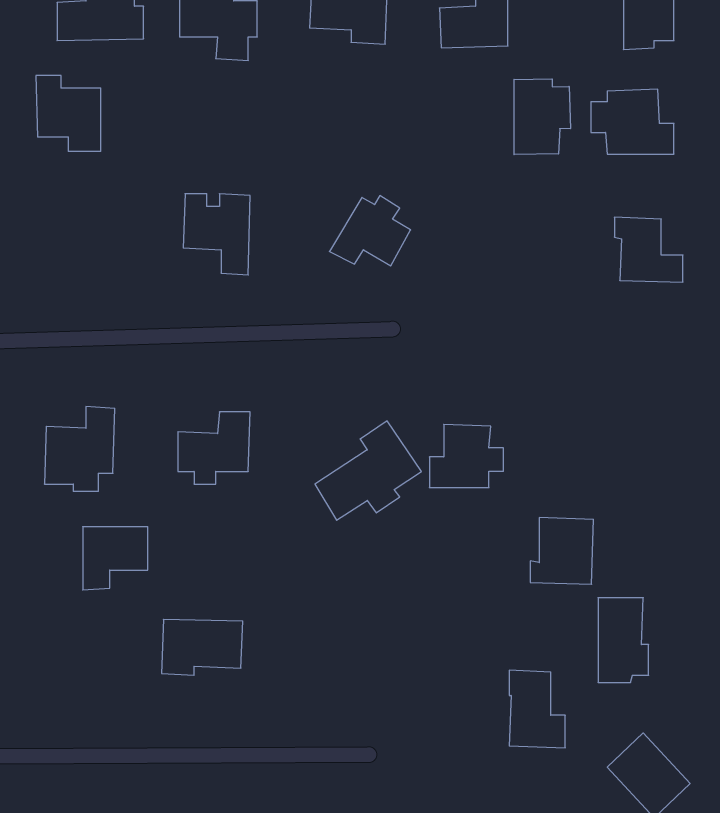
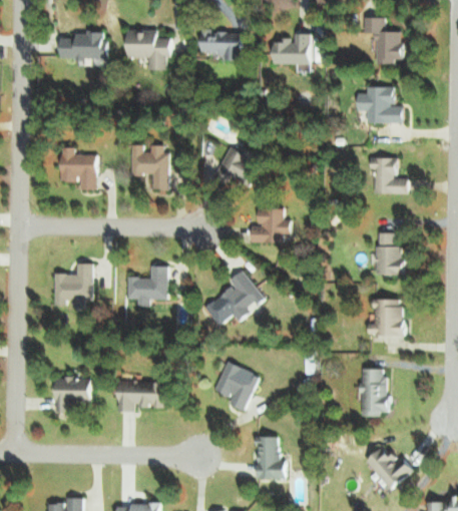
building: [36,76,101,151] -> [60,147,96,189]
building: [514,79,570,155] -> none
building: none -> [375,232,405,275]
building: [429,424,503,488] -> [250,207,291,242]
building: [530,518,593,584] -> [369,299,404,336]
building: [83,527,148,590] -> [56,378,92,413]
building: none -> [213,361,259,411]
building: [509,670,565,748] -> [255,436,286,479]

